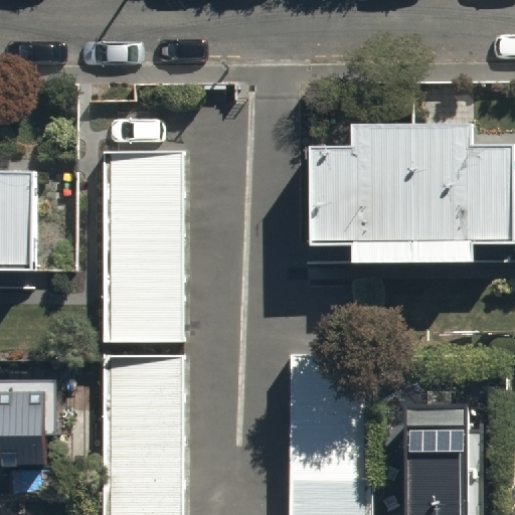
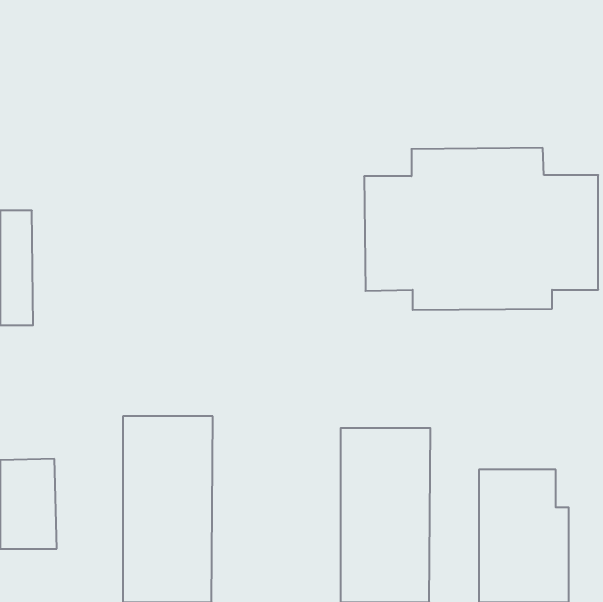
building: [103,153,179,339] -> none

